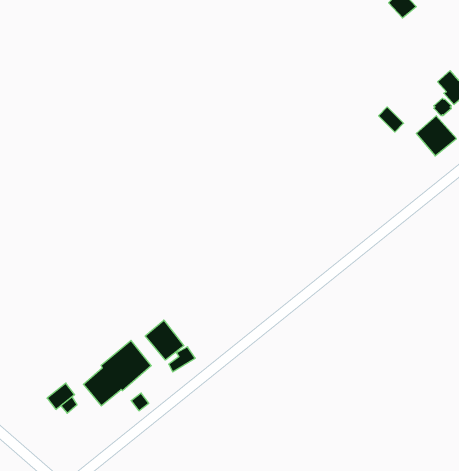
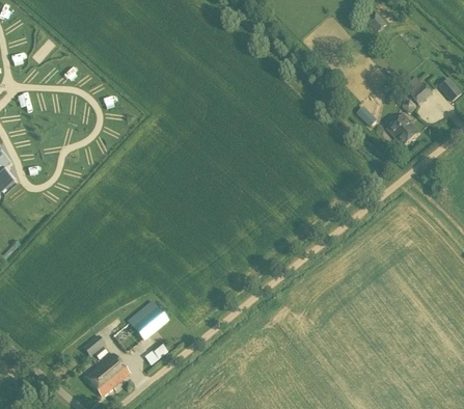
building: [145,320,184,360] -> none
building: none -> [85,353,130,396]

